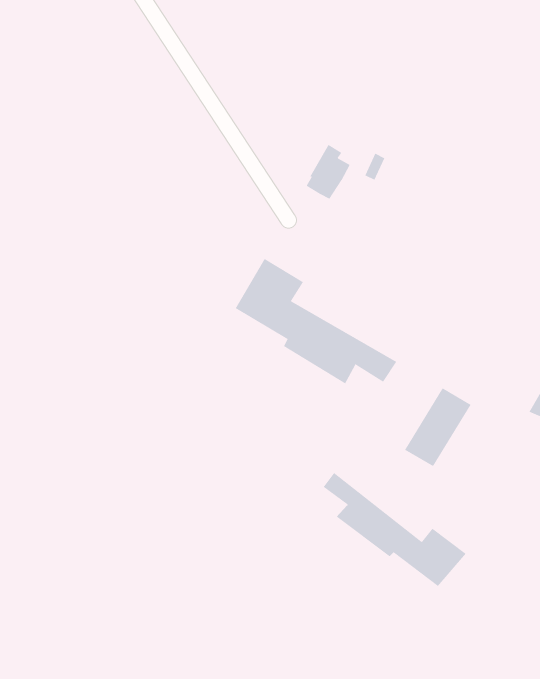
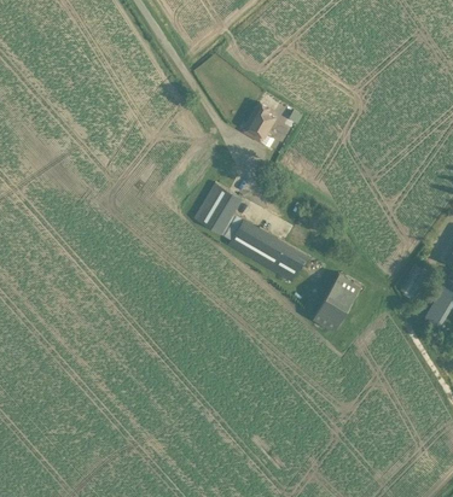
building: [323,472,467,587] -> none

